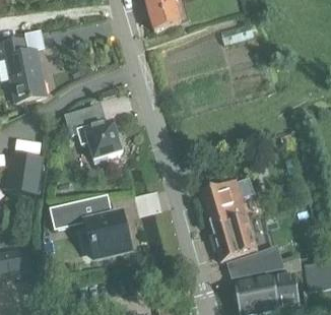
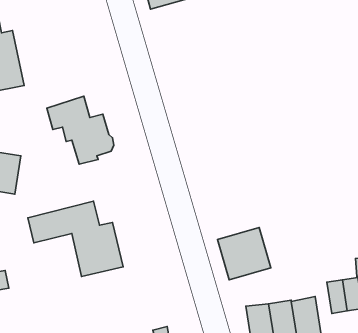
building: [201,178,260,227] -> none
building: [239,250,285,277] -> none

